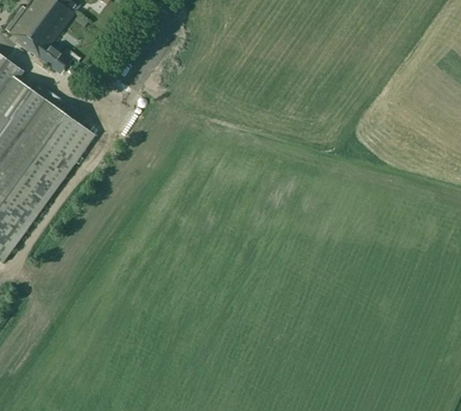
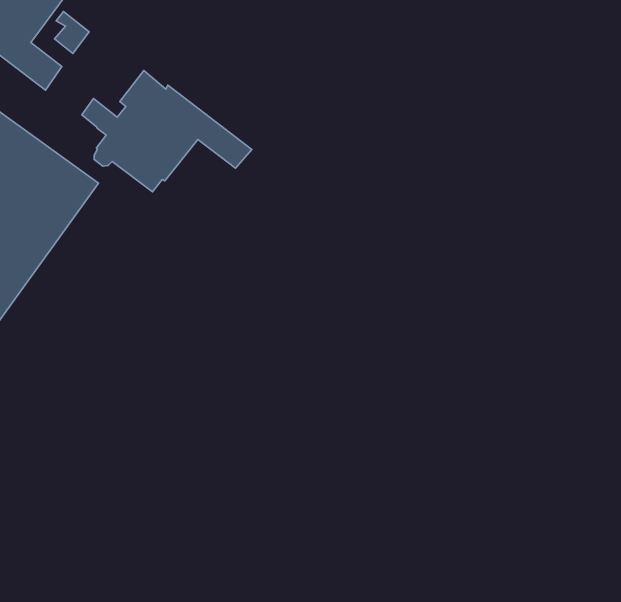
building: none -> [82,71,252,192]

